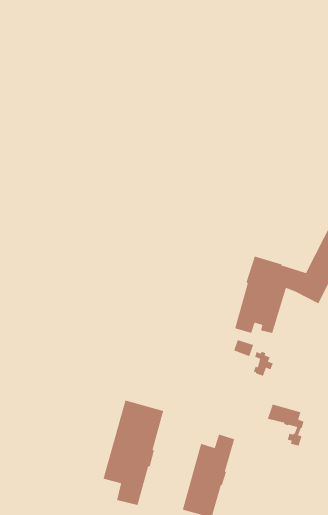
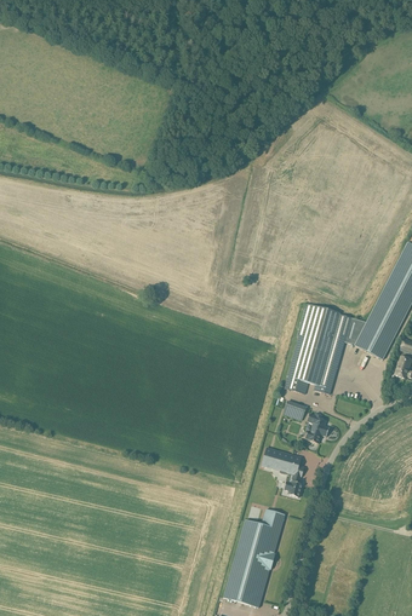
building: [102,399,164,506] -> none
building: [267,403,305,446] -> [261,447,304,496]

